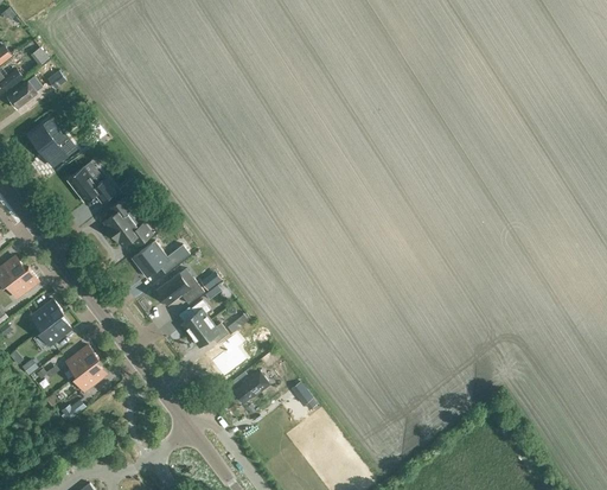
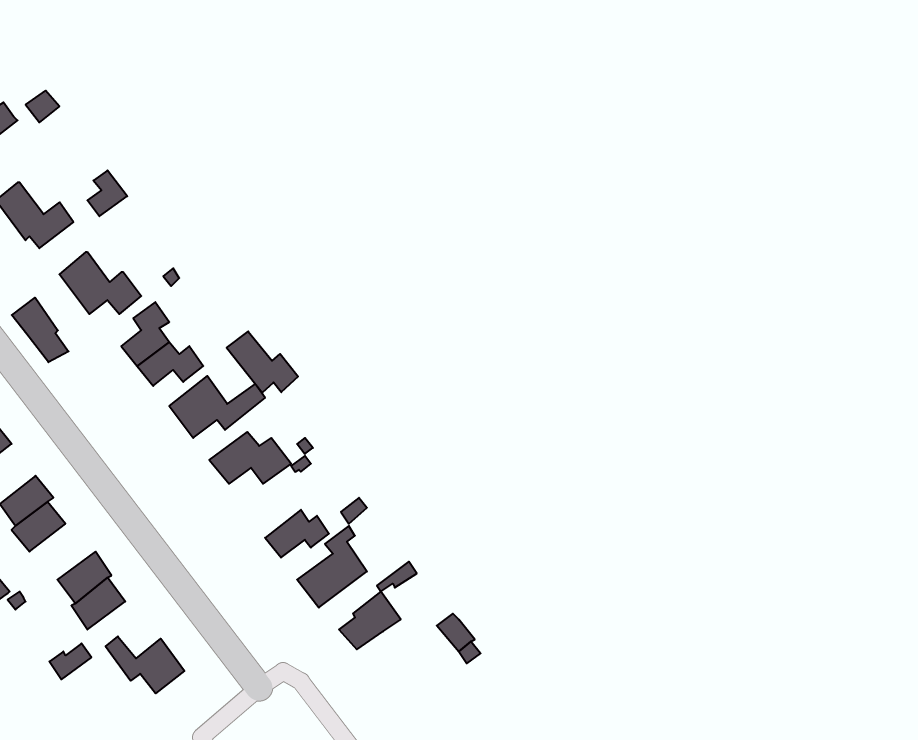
building: none -> [12,298,69,362]
building: none -> [227,331,298,393]
building: [179,300,210,337] -> none
building: none -> [106,636,184,693]

